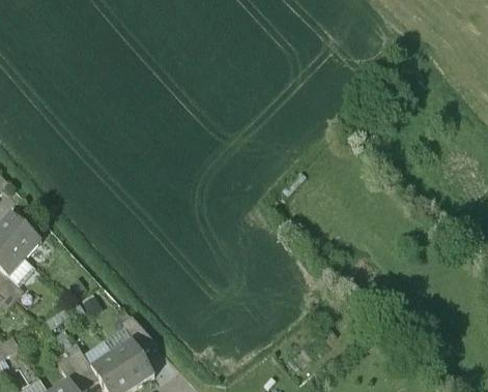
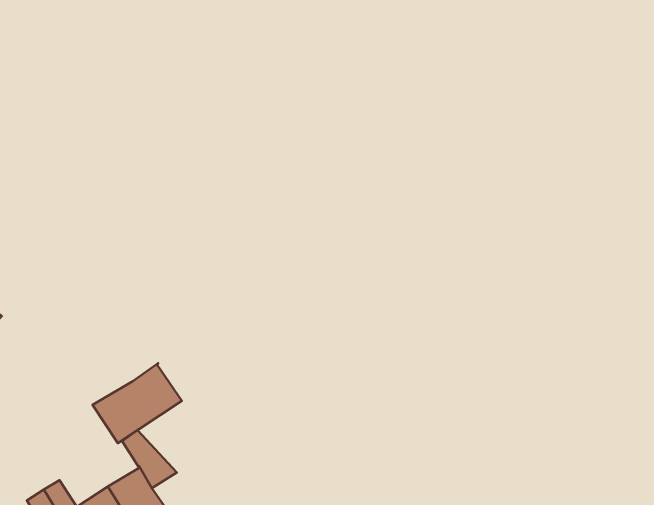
building: none -> [92,363,182,443]

